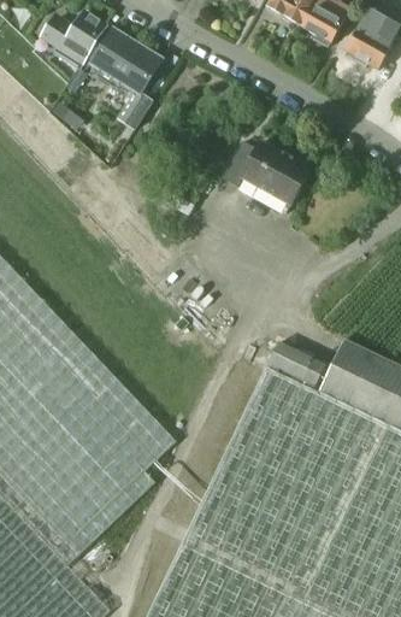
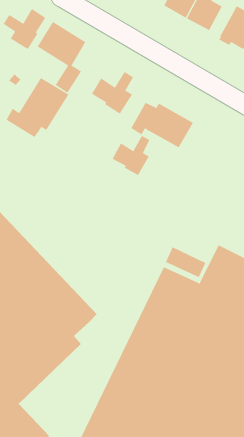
building: none -> [91,71,134,114]
building: none -> [6,77,69,138]
building: none -> [112,135,150,176]

